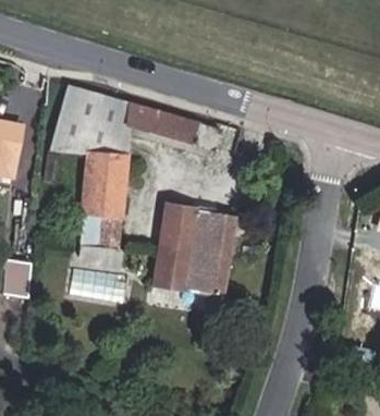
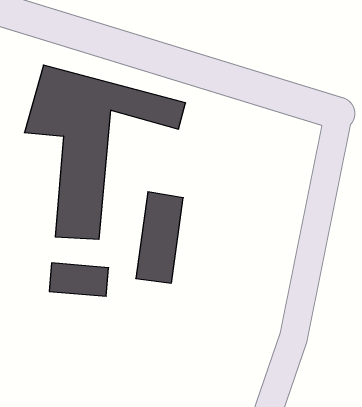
building: [186,209,235,293] -> none

